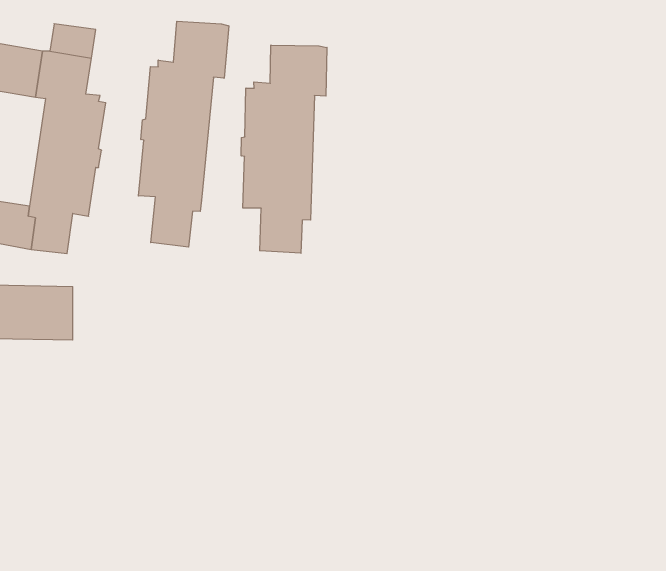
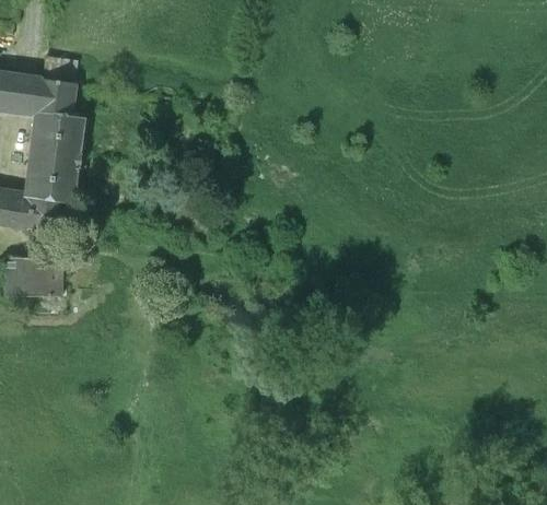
building: [138,21,229,247] -> none
building: [241,45,327,253] -> none

